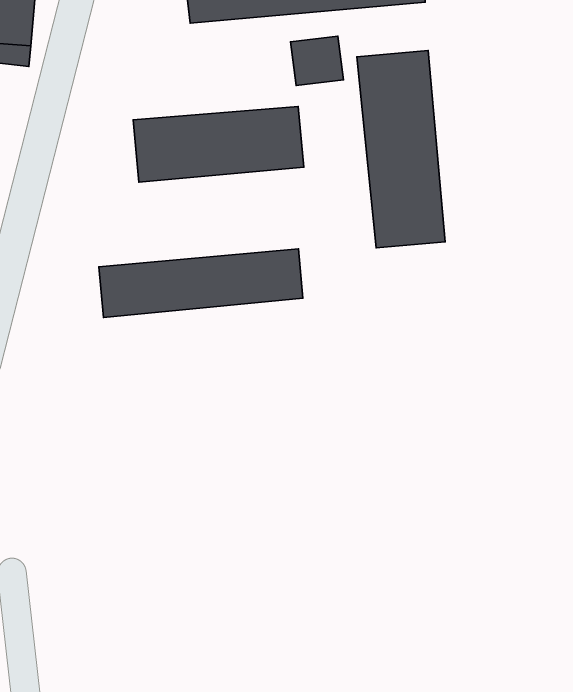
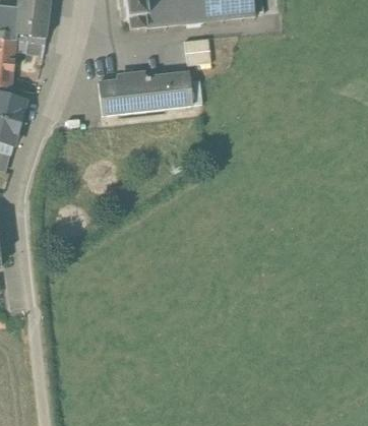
building: [357,50,445,248] -> none
building: [99,249,303,318] -> none

